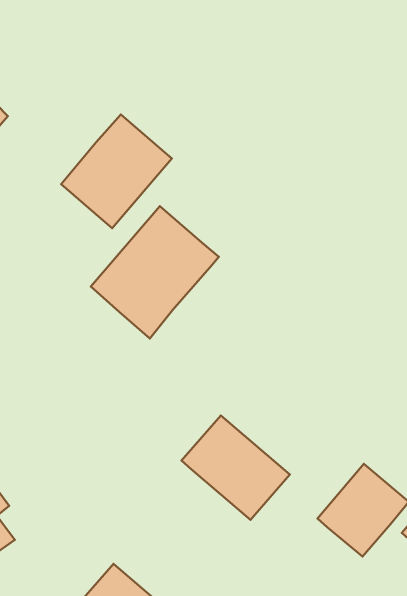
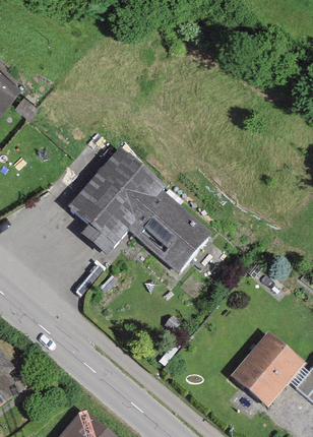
building: [61,114,172,228] -> none
building: [181,416,290,520] -> [128,192,206,267]

